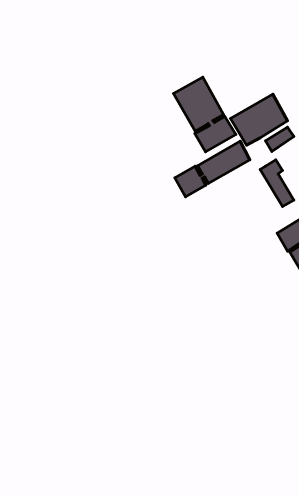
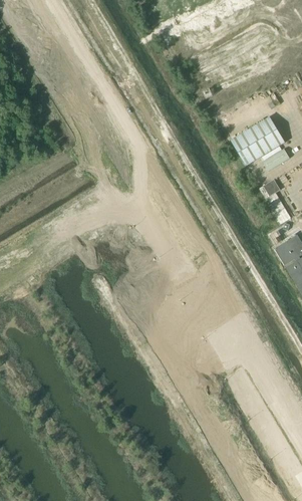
building: [173,77,236,152] -> none
building: [175,141,250,197] -> none

